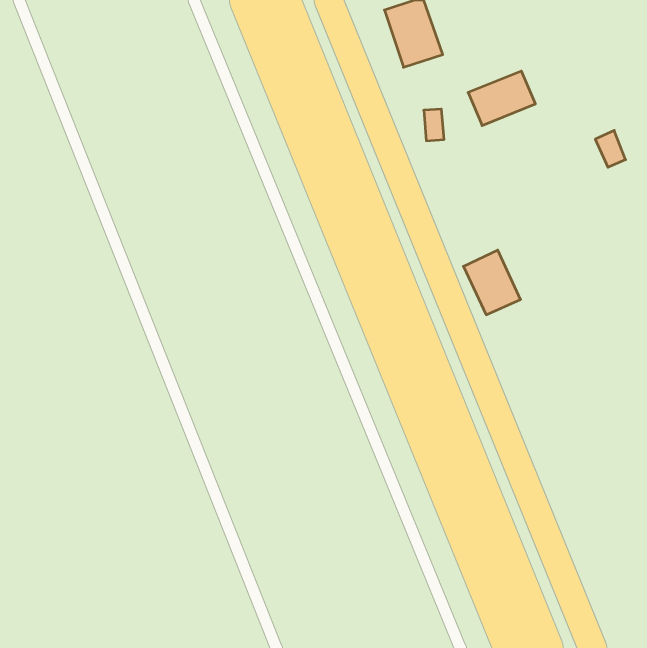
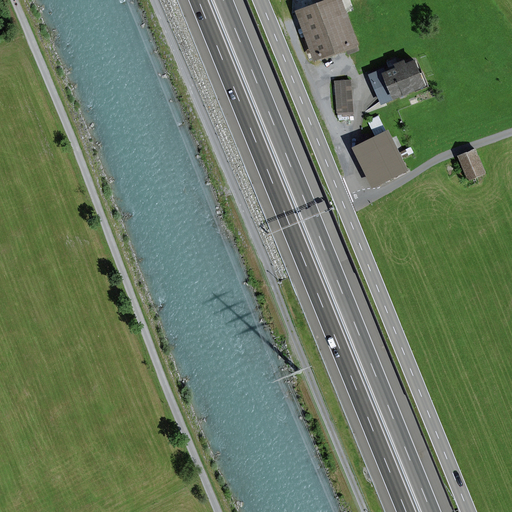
building: [595,130,626,167] -> [458,150,482,179]
building: [463,250,521,315] -> [358,131,403,182]

